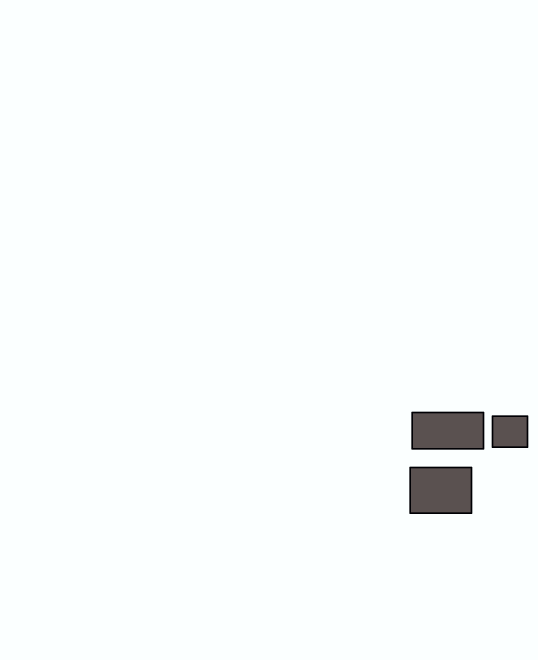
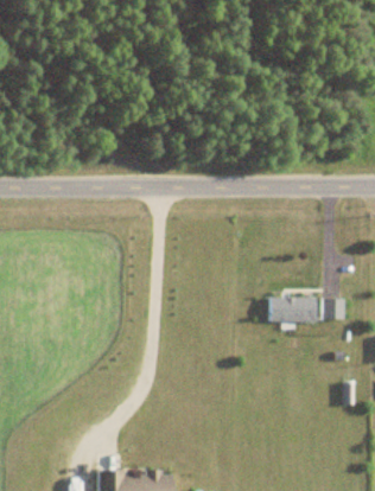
building: [410,467,471,513] -> none

